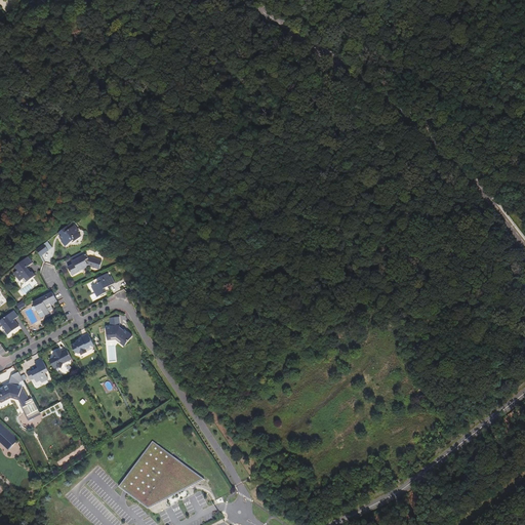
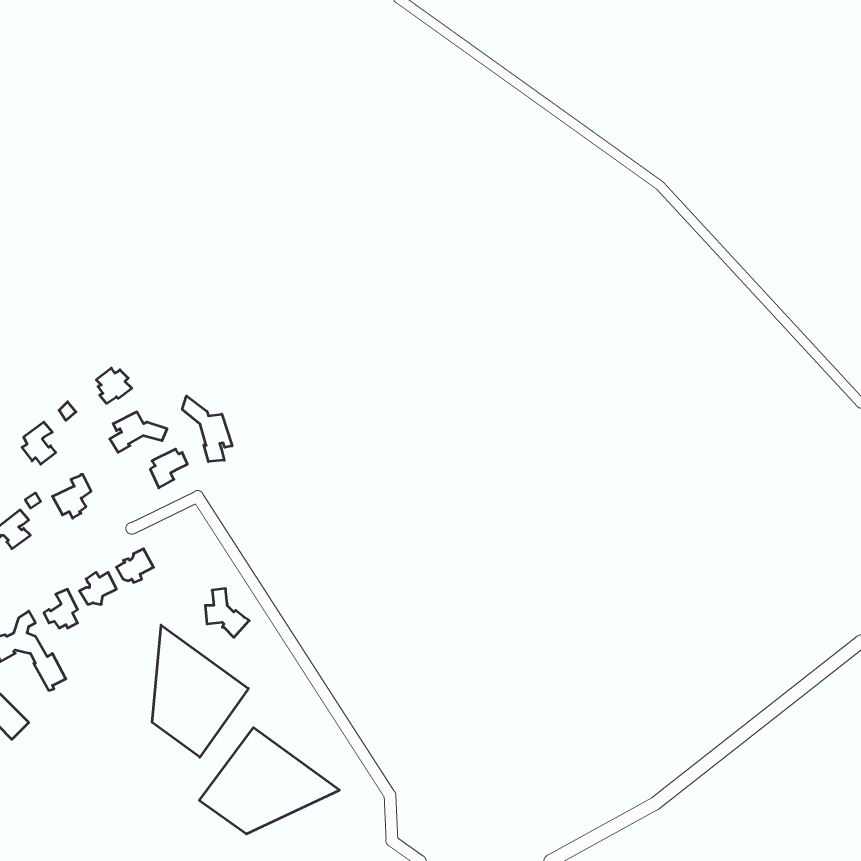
building: none -> [182,396,232,462]
building: [106,316,132,346] -> [205,589,249,637]
building: none -> [152,625,248,757]

